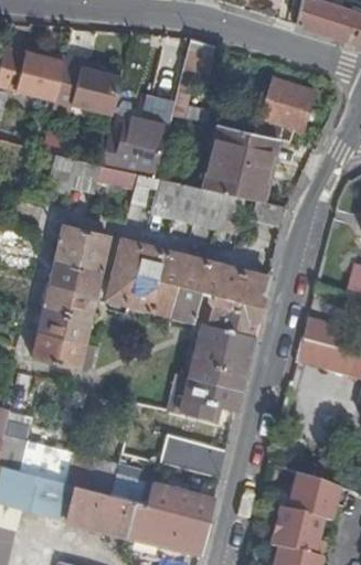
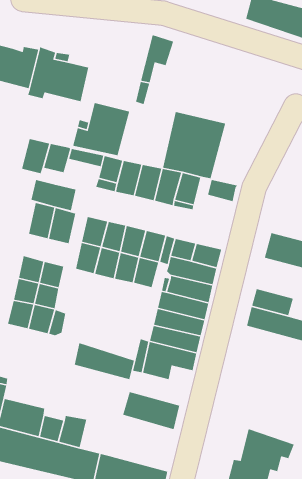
building: [255,78,315,140] -> none
building: [50,259,100,295] -> [30,179,76,211]
building: [148,479,215,521] -> [74,342,135,380]

